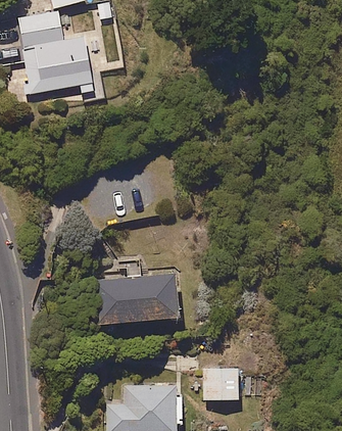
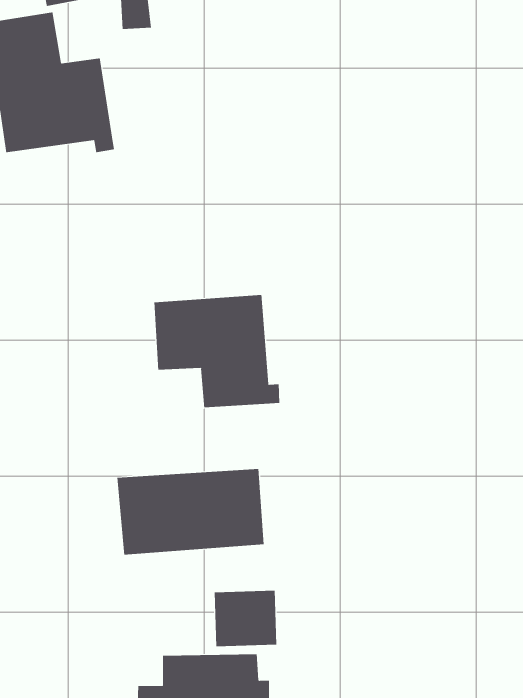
building: none -> [154,294,280,408]
building: [203,369,240,401] -> [214,590,277,647]

